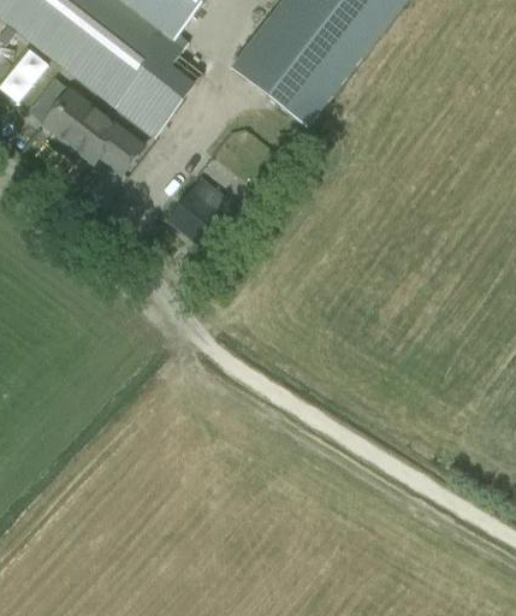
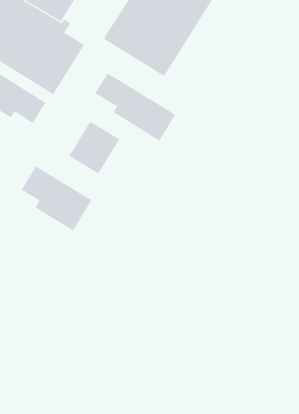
building: none -> [95,72,176,141]
building: none -> [21,166,92,232]

